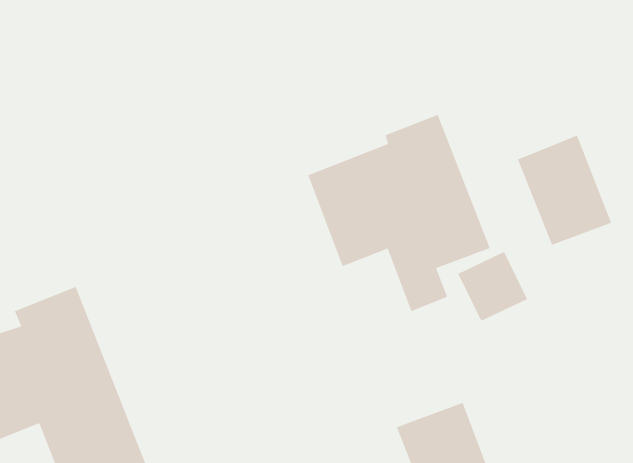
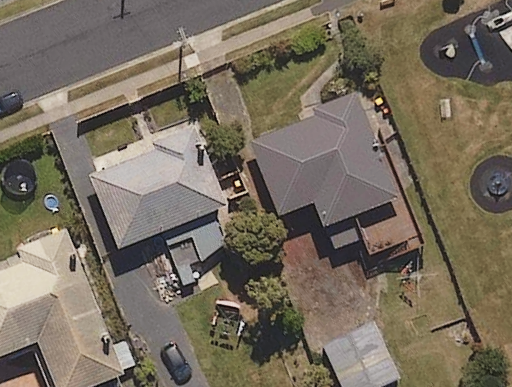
building: [517,134,612,246] -> none
building: none -> [84,126,225,266]

